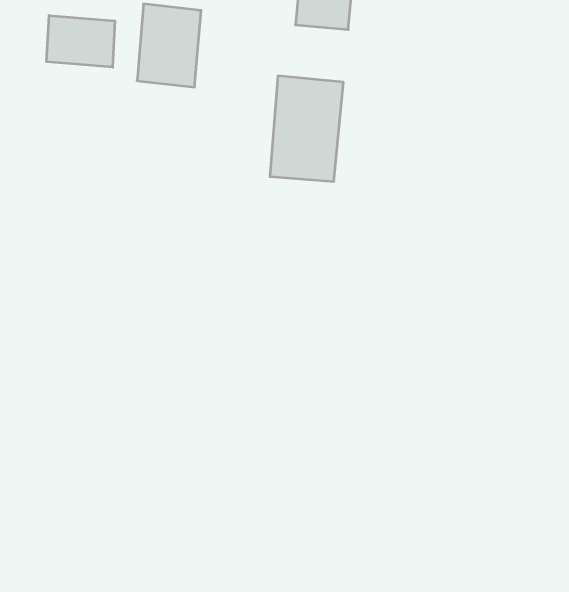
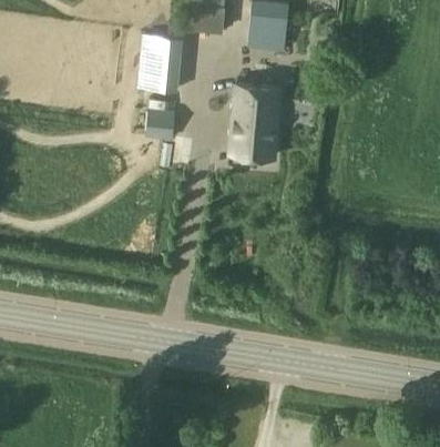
building: [47,15,115,67] -> none
building: none -> [145,113,175,143]

